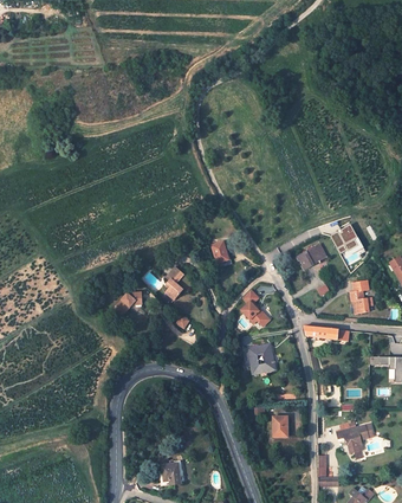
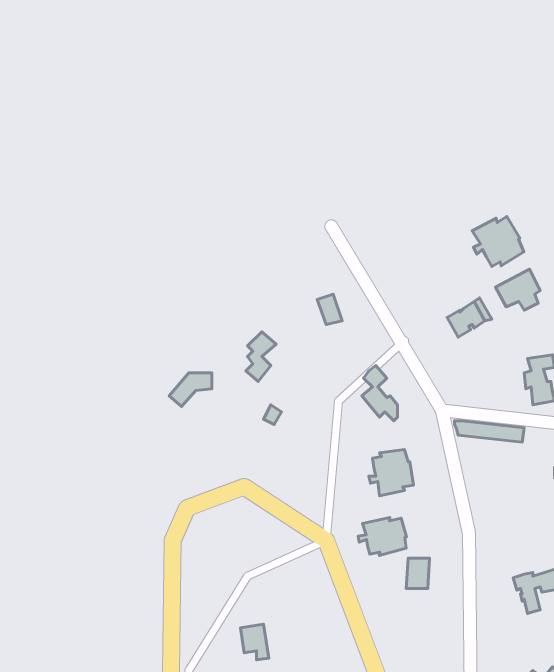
building: none -> [472,217,524,266]
building: none -> [358,518,407,555]

